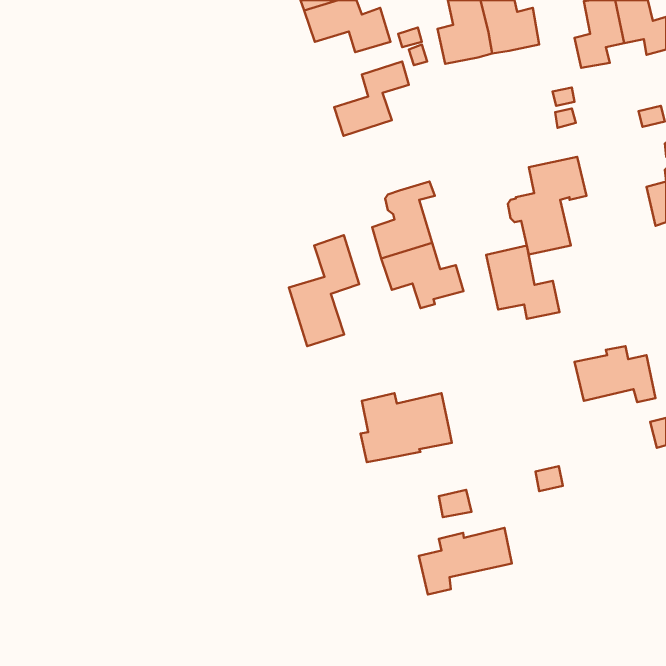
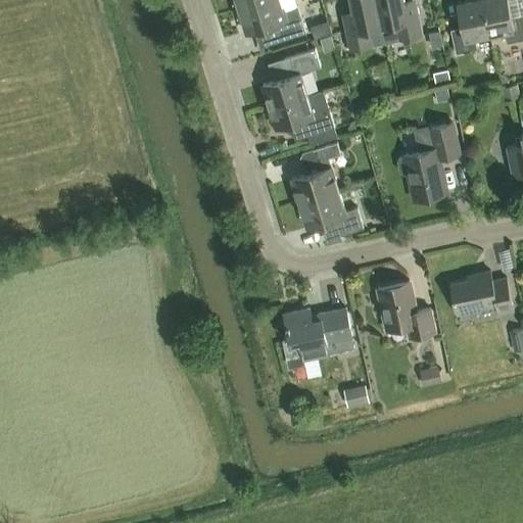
building: none -> [269,90,336,144]
building: [289,235,359,346] -> none
building: [486,246,559,319] -> [377,281,434,338]
building: [419,528,512,595] -> none

